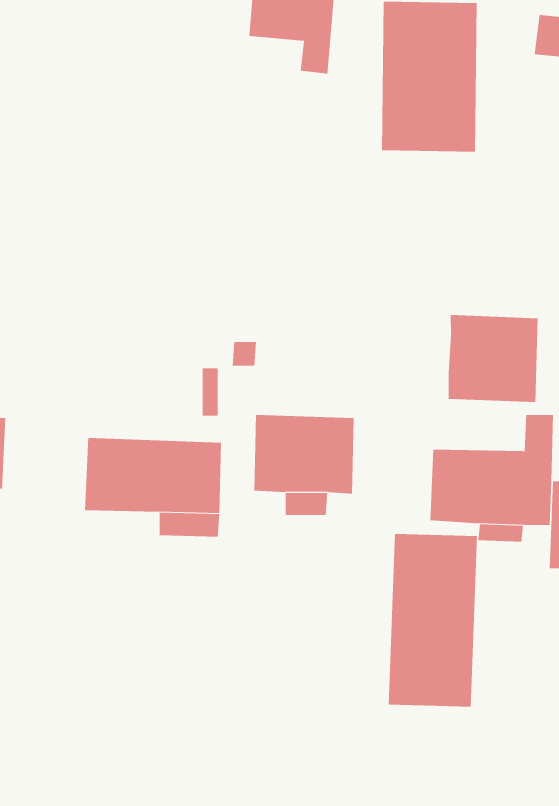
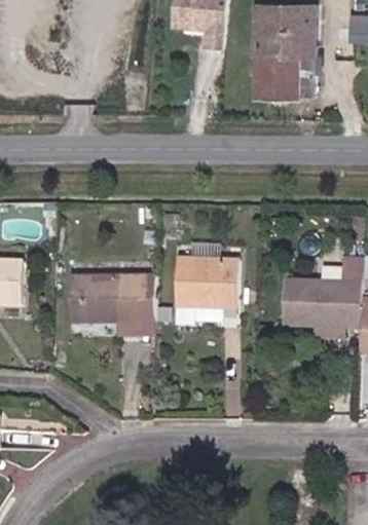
building: [448,314,538,403] -> none
building: [388,533,477,708] -> none

